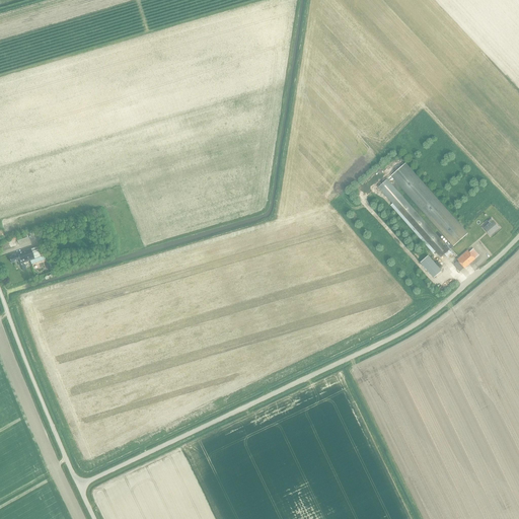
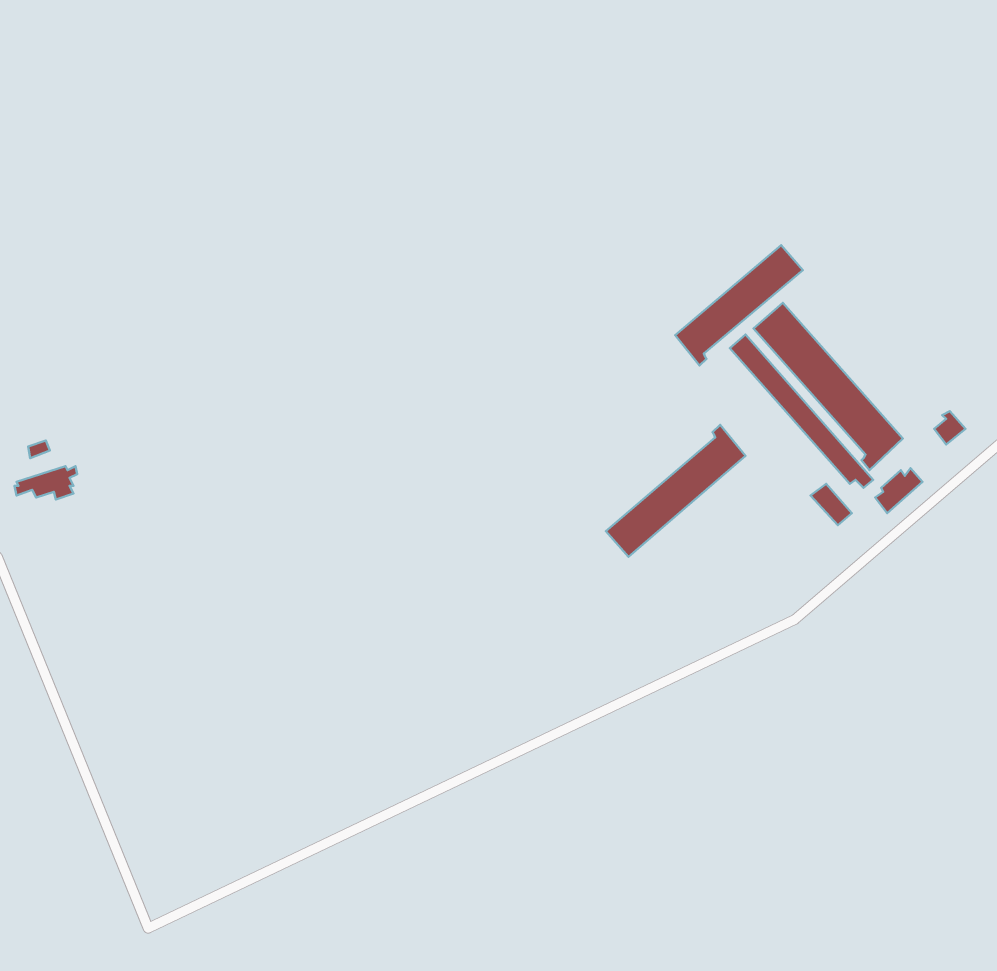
building: none -> [675,245,803,365]
building: none -> [606,425,746,557]

